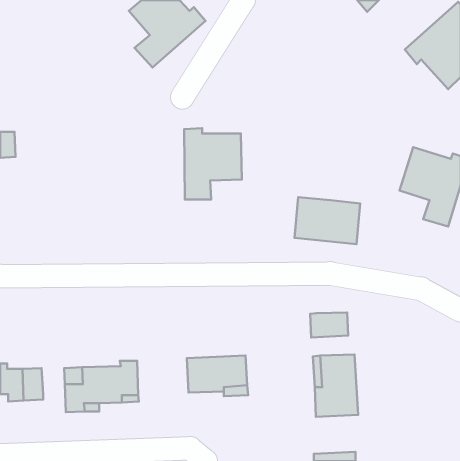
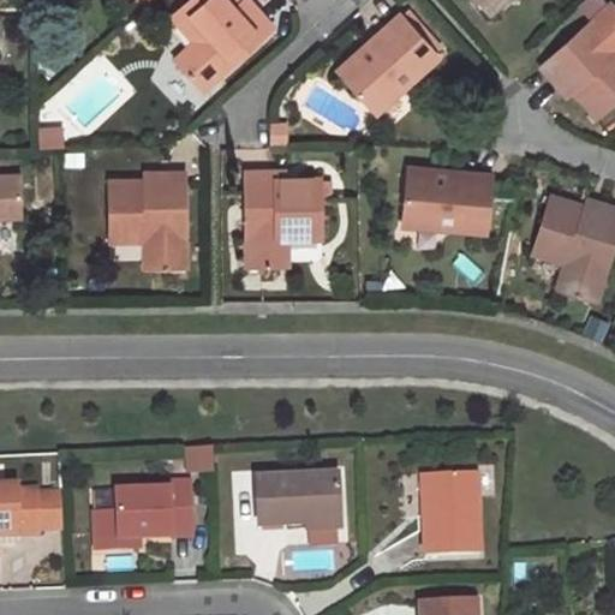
building: none -> [339,14,438,112]
building: none -> [109,171,187,267]
building: [294,197,360,244] -> [404,169,491,232]
building: [310,313,348,338] -> none

